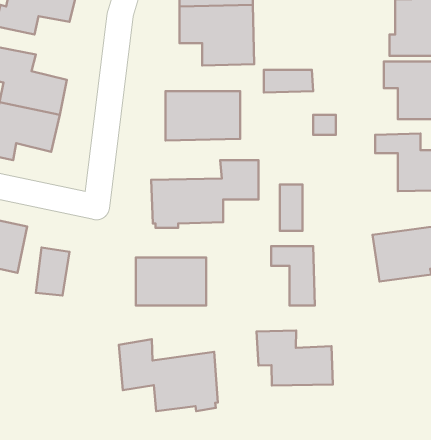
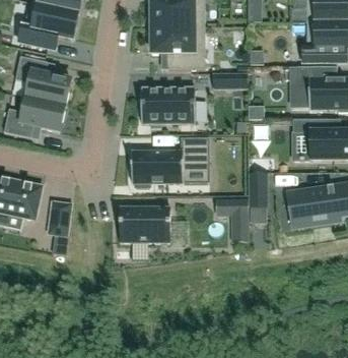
building: [280,184,302,231] -> [249,173,265,206]
building: [256,331,333,385] -> none
building: [119,339,218,411] -> none

